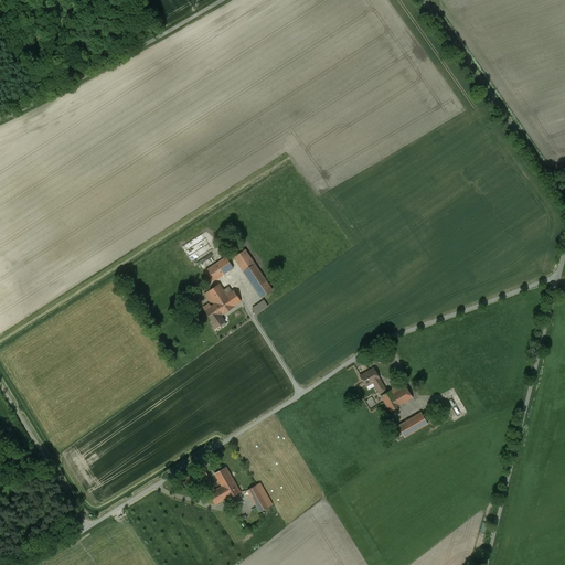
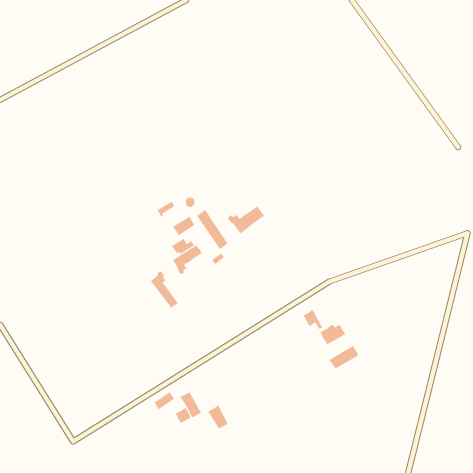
building: none -> [227,205,265,234]
building: none -> [150,270,178,309]

